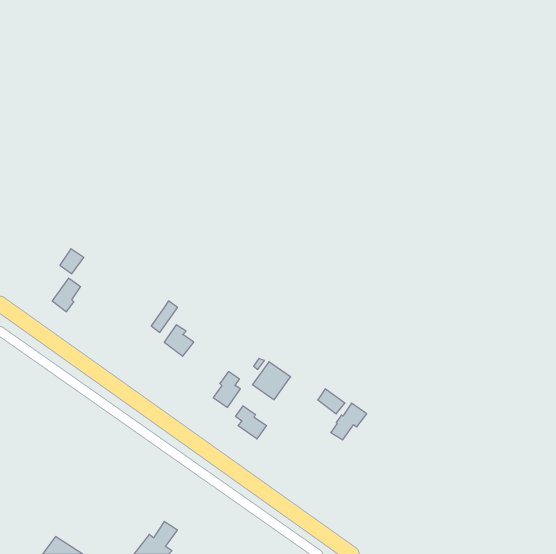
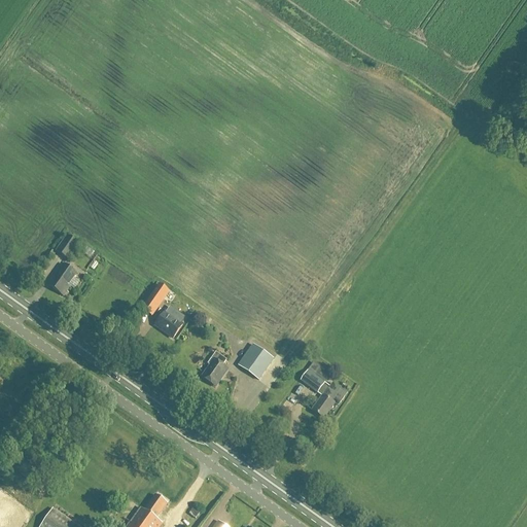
building: [236,406,266,439] -> none

